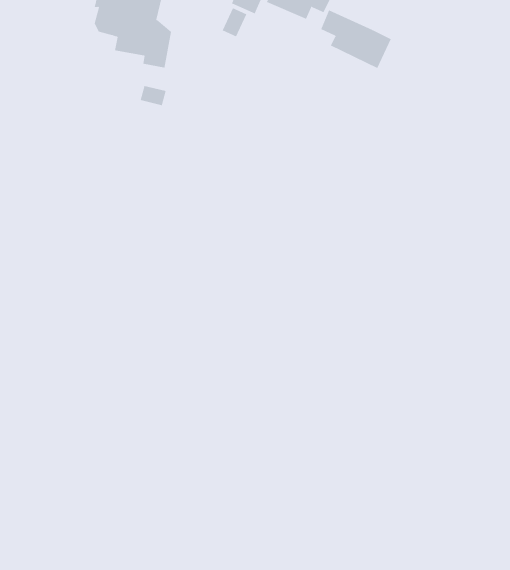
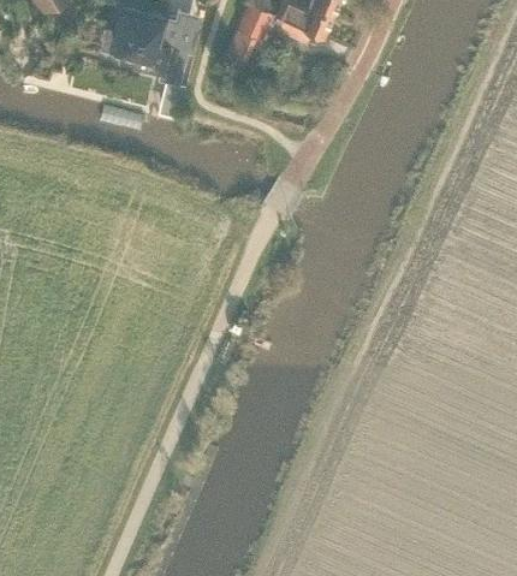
building: [321,10,392,69] -> none

